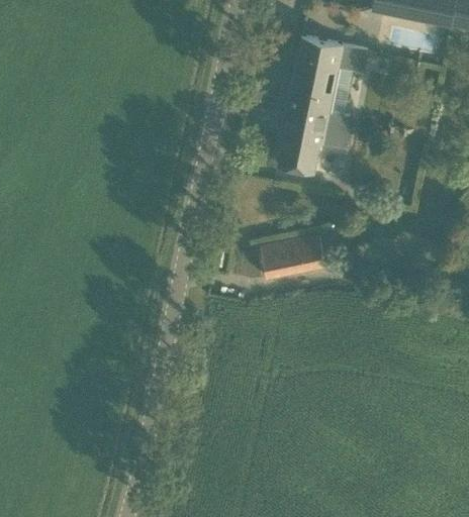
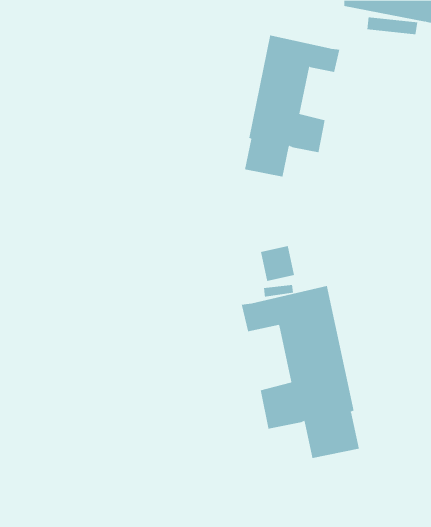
building: [261,244,298,279] -> none
building: none -> [241,285,360,459]

